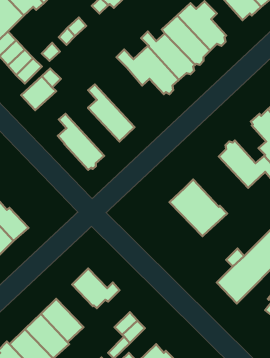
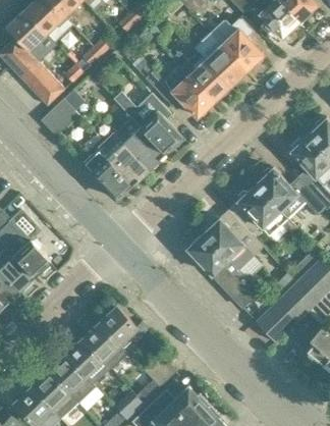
building: none -> [114,93,181,154]
building: none -> [91,132,149,184]
building: none -> [228,185,287,239]
building: none -> [189,234,260,309]
building: none -> [80,323,128,371]

